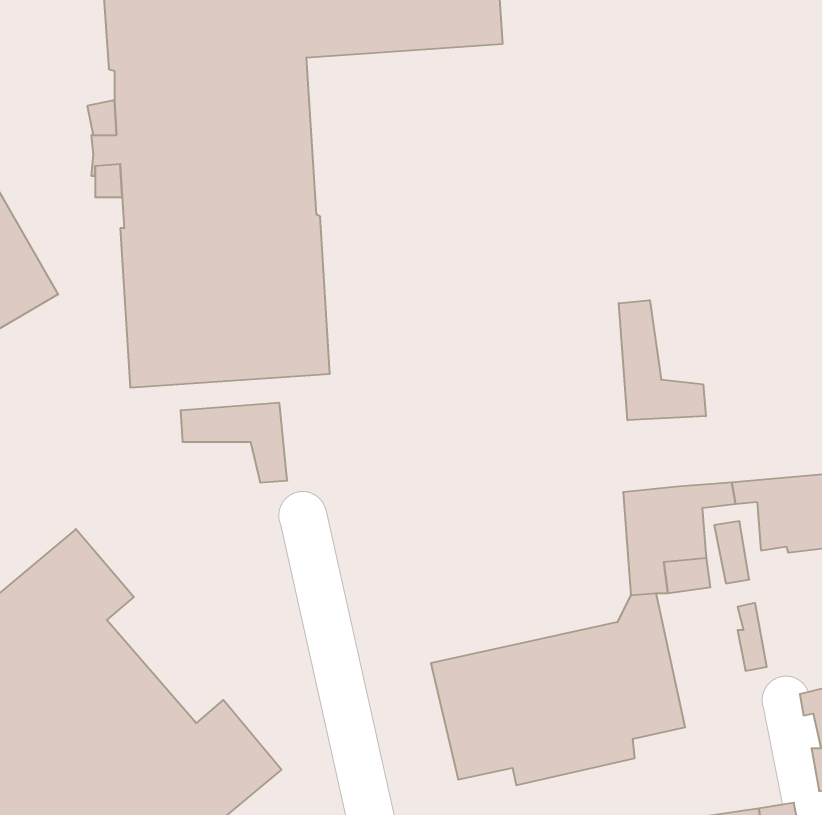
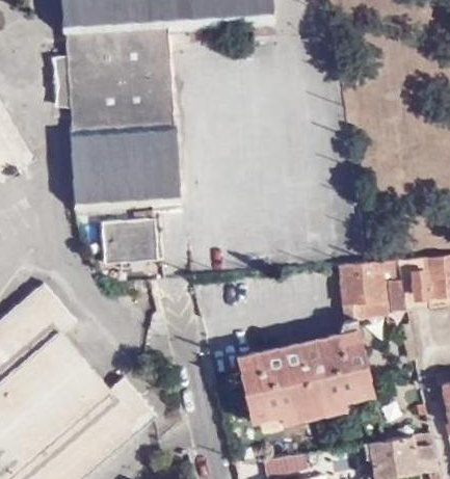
building: [619,300,706,420] -> none
building: none -> [102,238,143,263]

